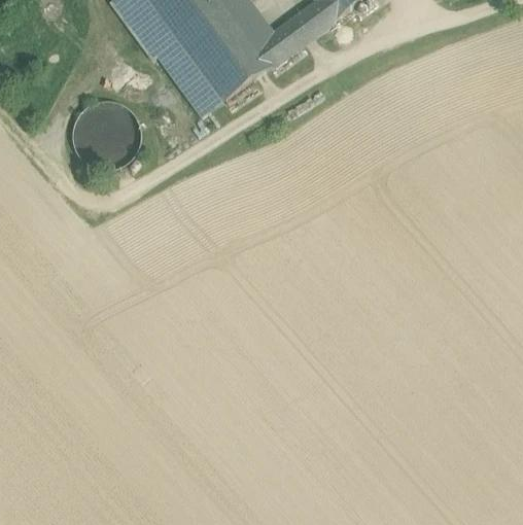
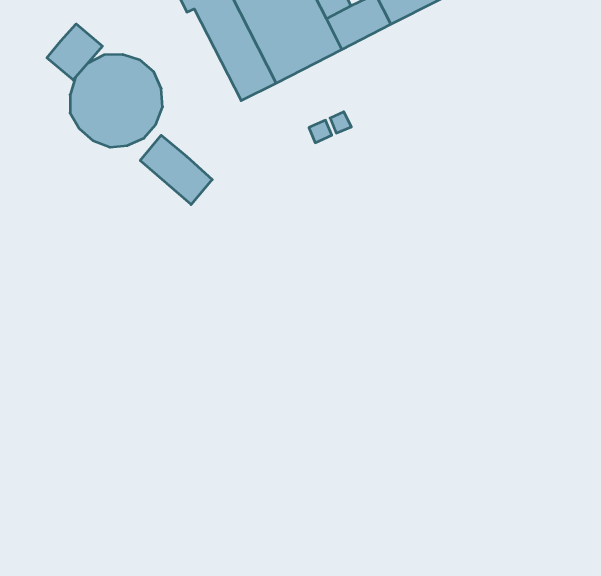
building: none -> [47,24,102,80]
building: none -> [140,135,212,205]

